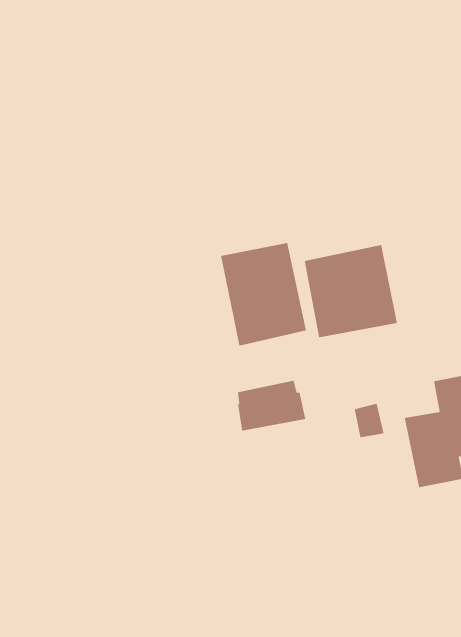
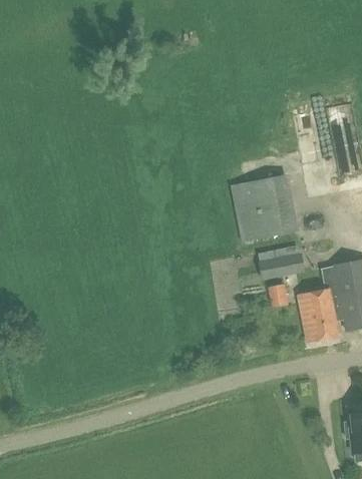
building: [220,242,307,346] -> none
building: [237,380,306,431] -> [257,245,304,280]

